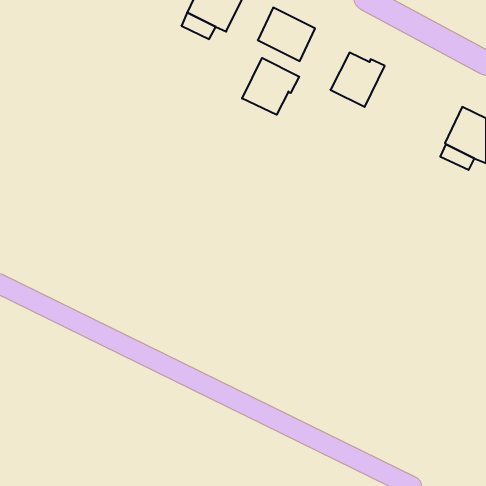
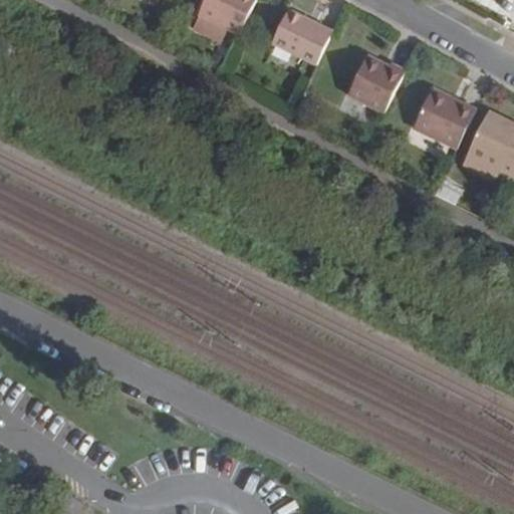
building: [242,58,299,115] -> none
building: none -> [413,87,475,149]

